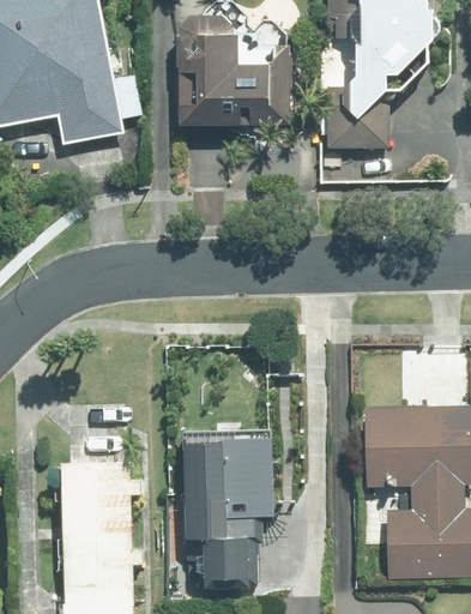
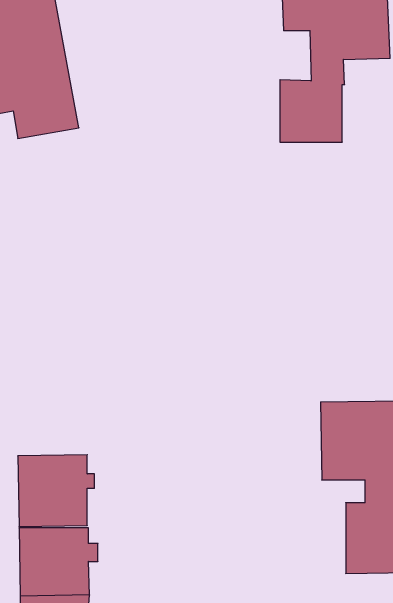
building: [179,13,294,125] -> none
building: [183,438,276,588] -> none

